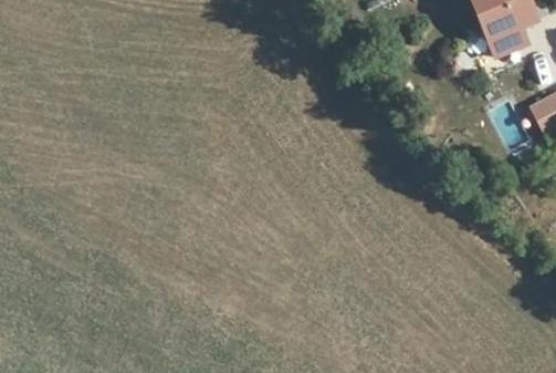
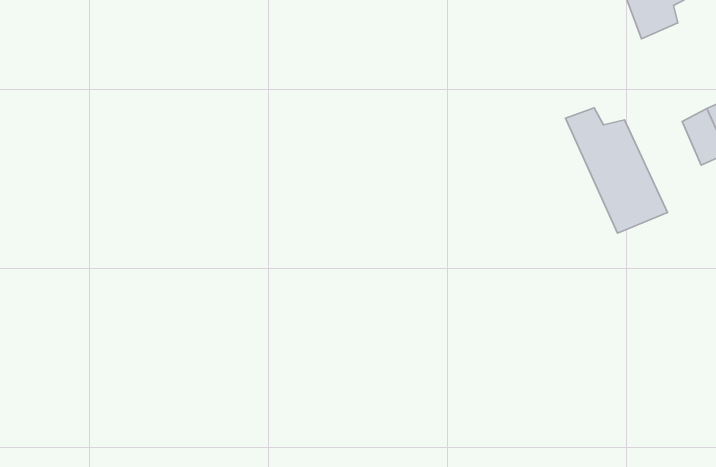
building: none -> [566,108,667,233]

